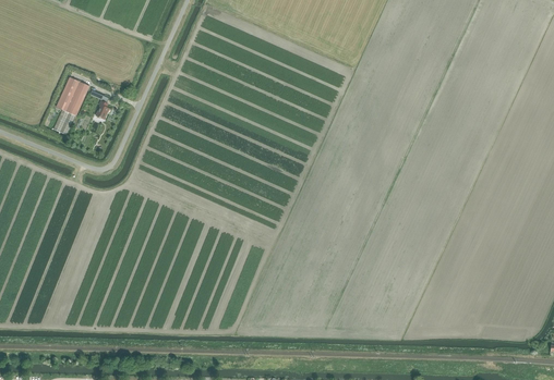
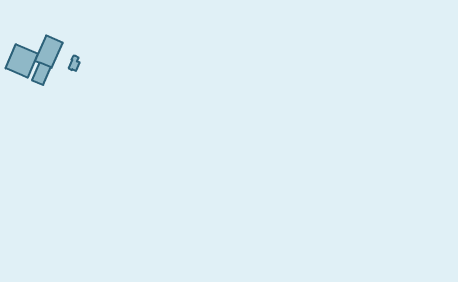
building: none -> [6,44,38,78]

